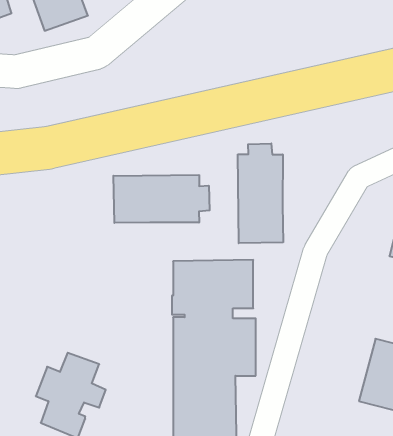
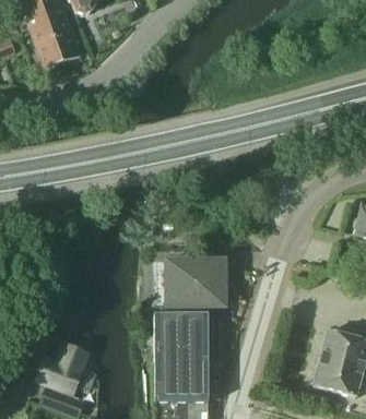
building: [238,143,283,243] -> none
building: [113,175,210,223] -> none

